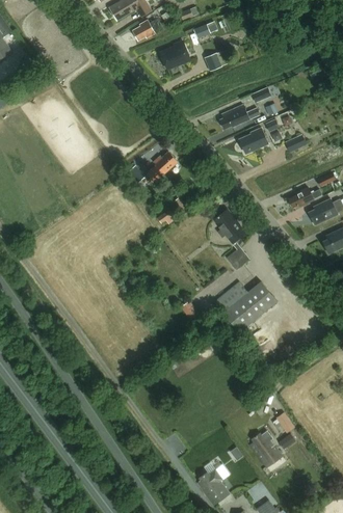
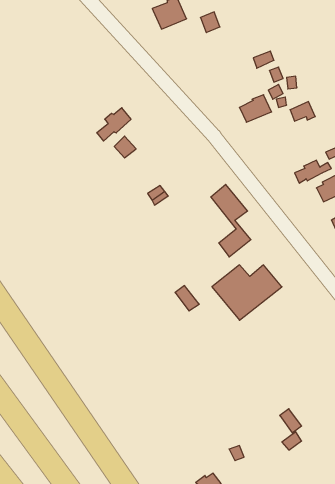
building: [219,105,260,129] -> none
building: [147,151,178,181] -> [97,108,131,141]
building: [250,430,282,466] -> none

